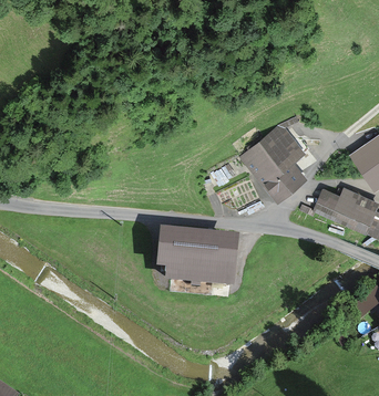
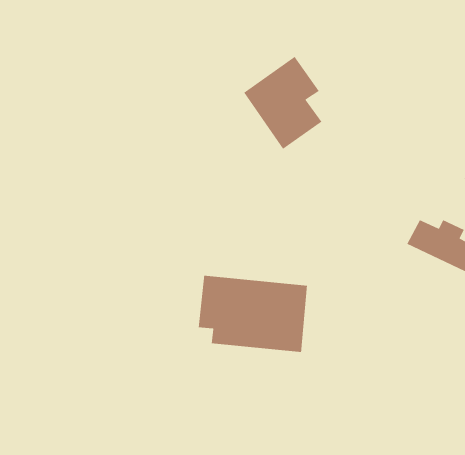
building: [240,124,300,195] -> [243,56,323,150]

